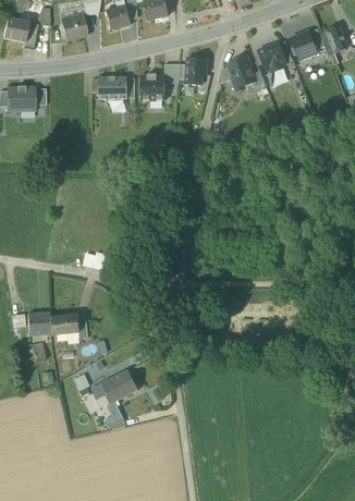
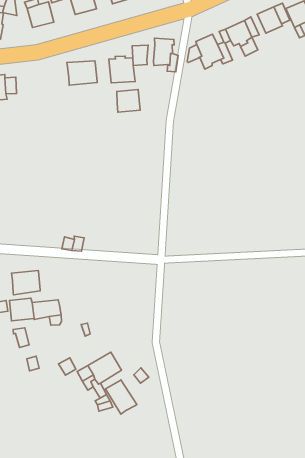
building: none -> [117,90,140,112]
building: none -> [12,270,40,295]
building: none -> [105,380,137,414]

